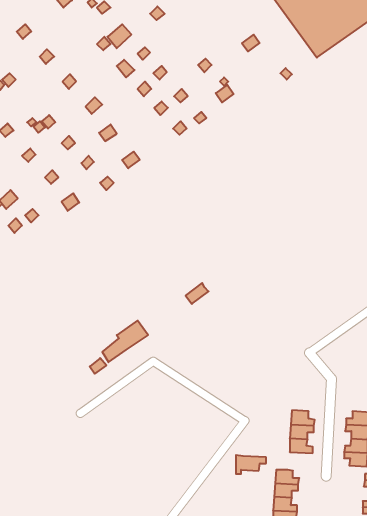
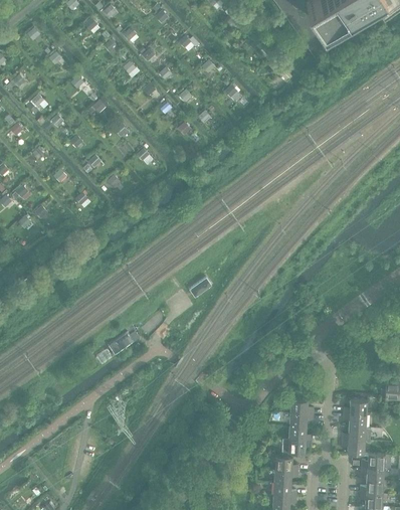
building: [236,455,266,474] -> [282,438,312,456]

